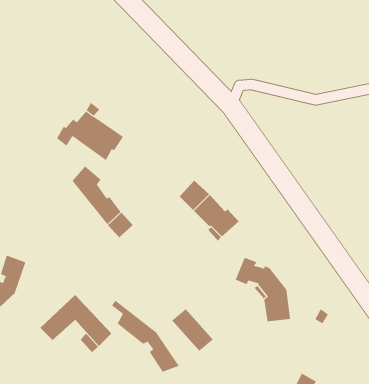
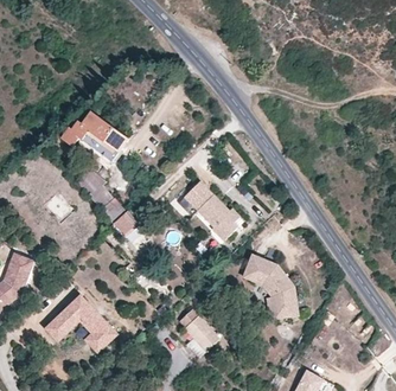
building: [111,300,179,373] -> none

